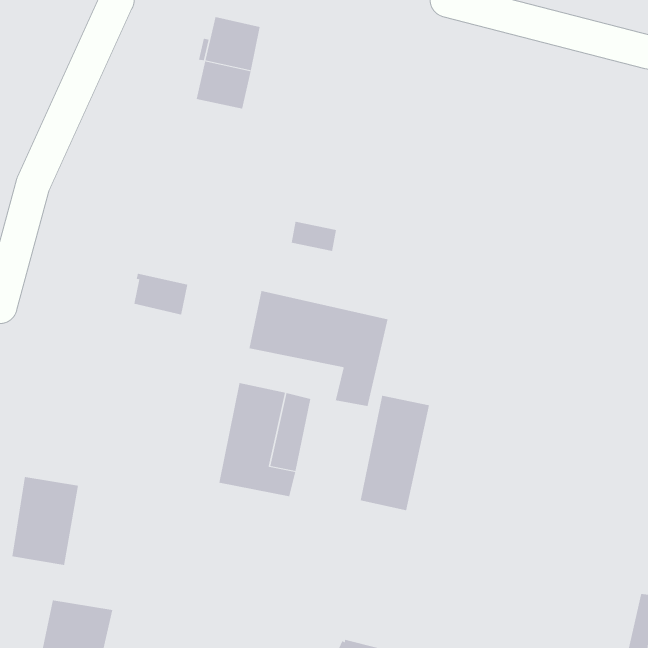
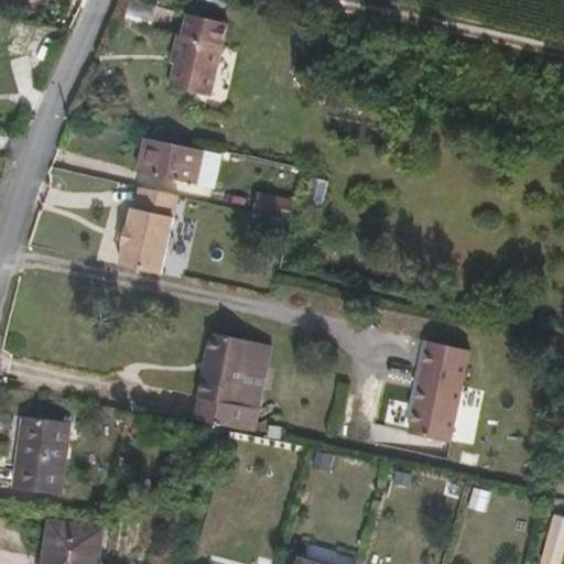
building: none -> [138,137,200,184]
building: none -> [120,186,176,248]
building: [249,290,388,407] -> none
building: [360,395,430,511] -> [410,343,470,443]

